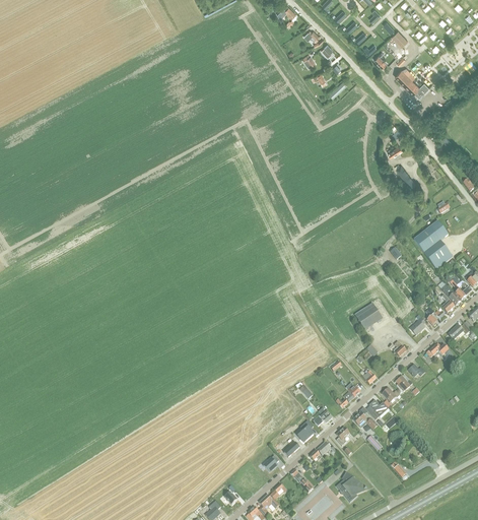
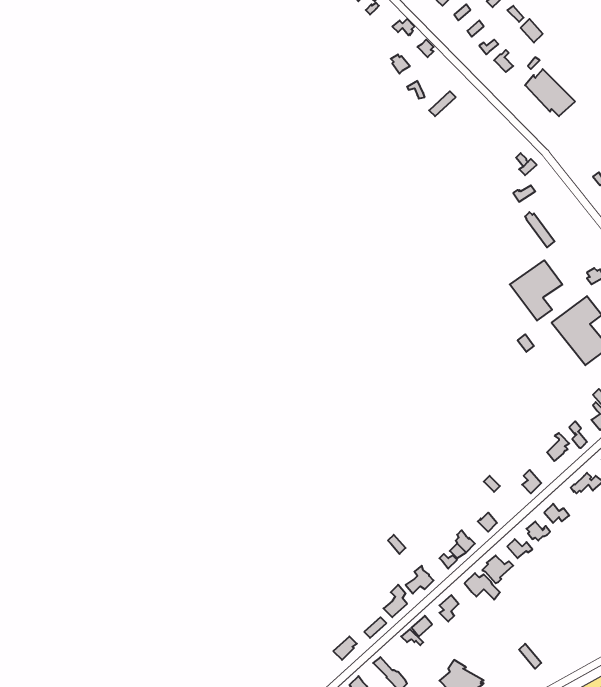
building: none -> [510,260,562,321]
building: [354,303,383,330] -> none

